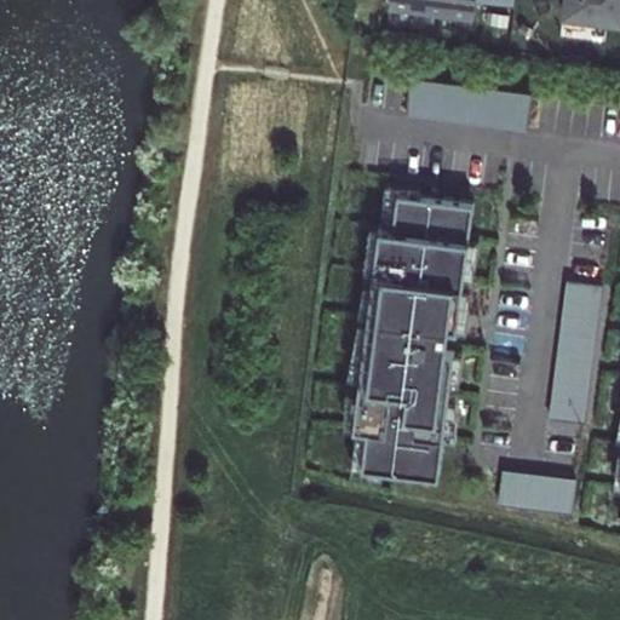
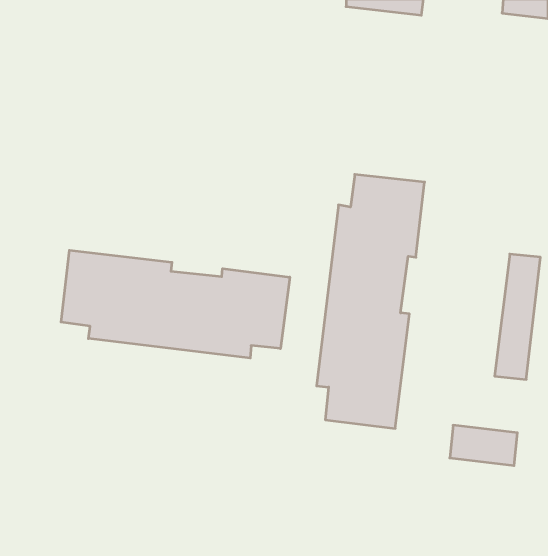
building: [402,80,527,128] -> none
building: none -> [61,250,290,358]

